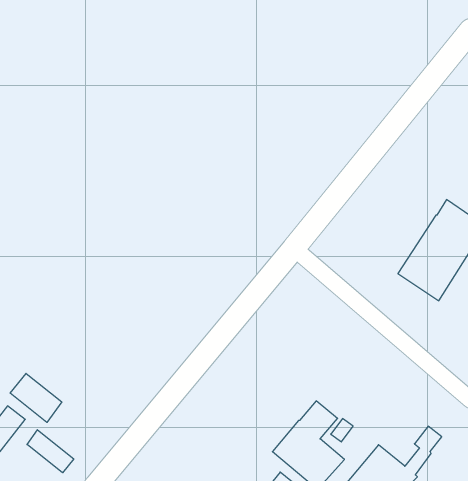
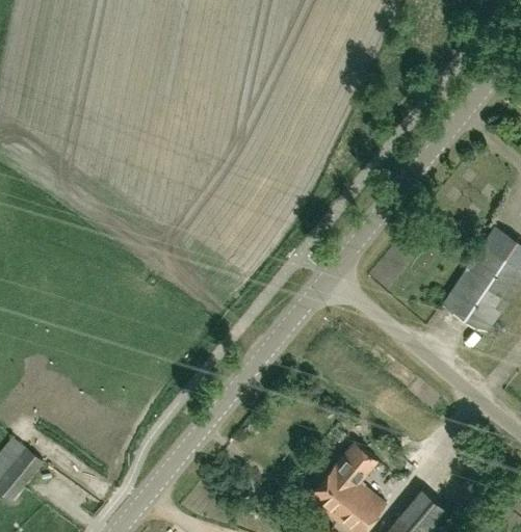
building: [10,373,62,422] -> none
building: [27,430,74,473] -> none

